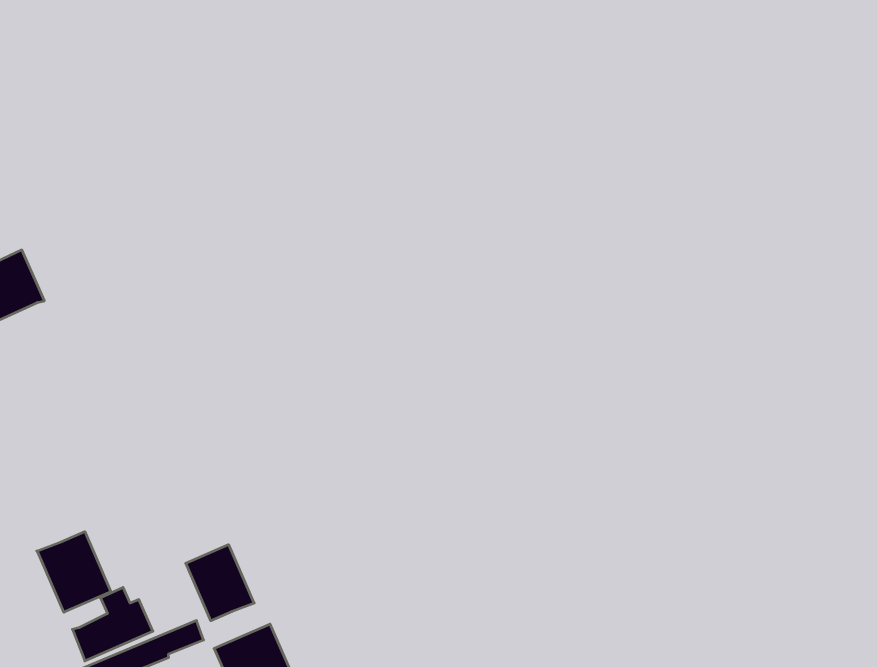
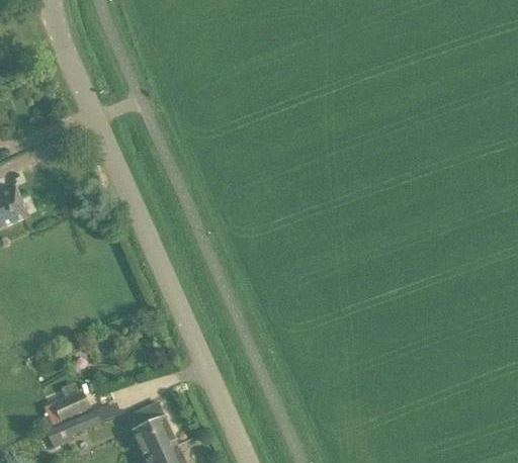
building: [37,532,111,612] -> none
building: [186,545,254,621] -> none

